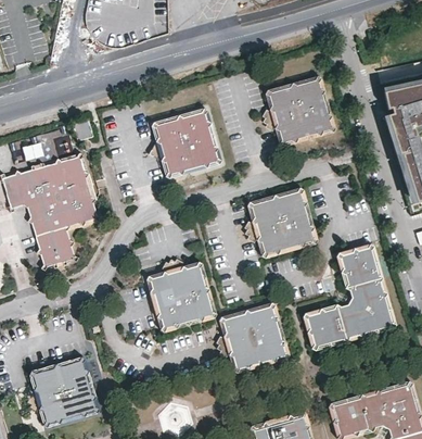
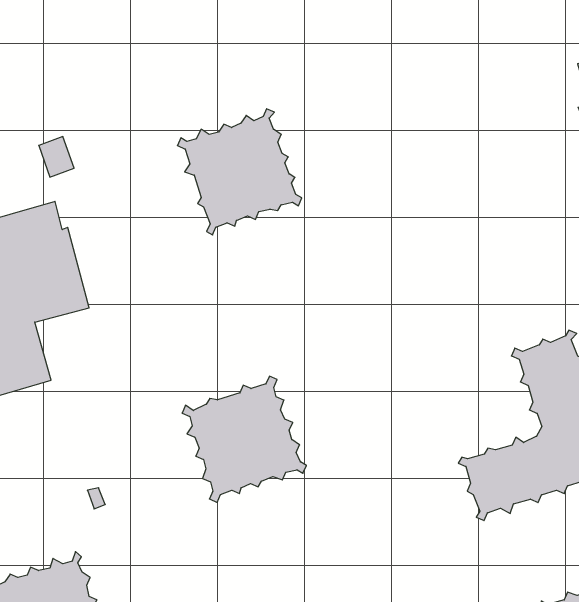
building: [266,76,335,146] -> none
building: [247,187,318,258] -> none
building: [218,302,289,373] -> none

